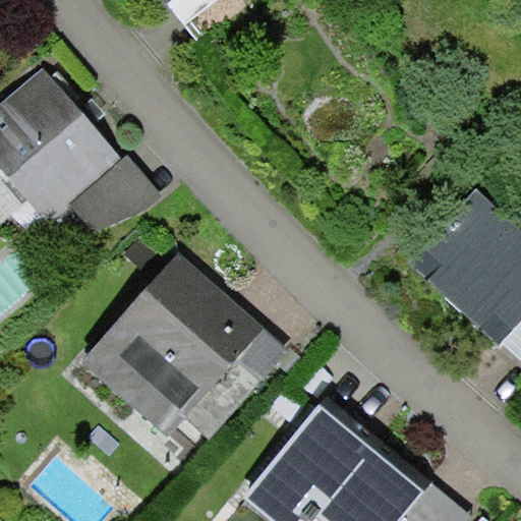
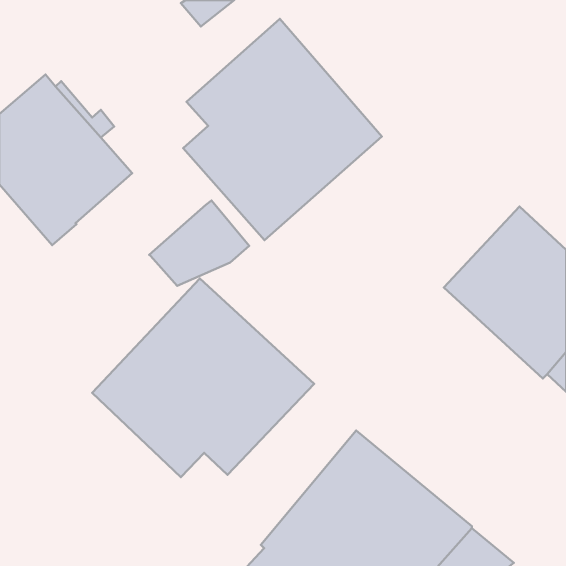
building: none -> [183,19,382,240]
building: [69,156,161,234] -> [149,200,249,286]

